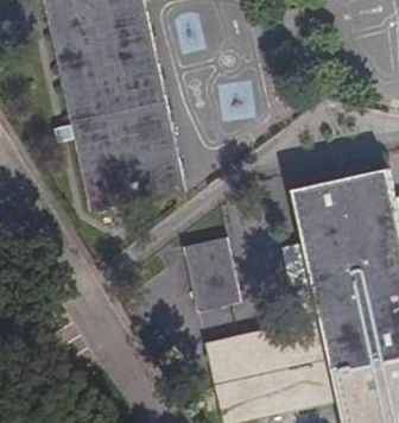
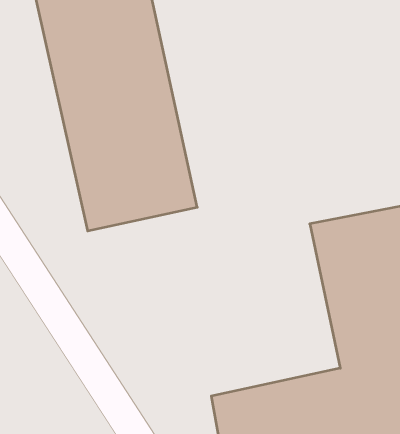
building: [176,248,232,315] -> none

